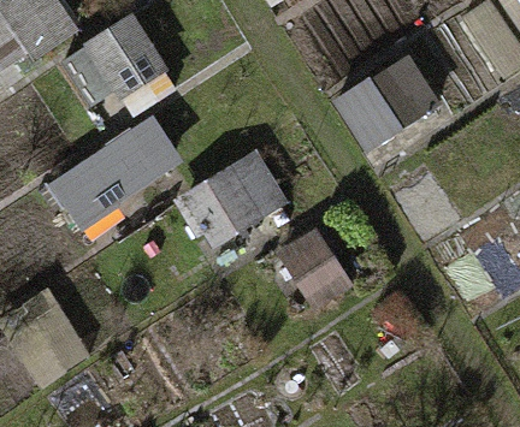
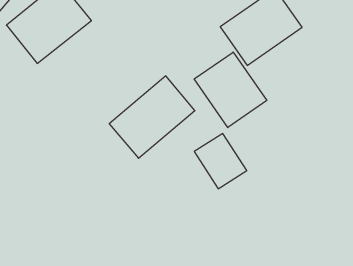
building: [47,118,184,230] -> none
building: none -> [194,52,267,128]

